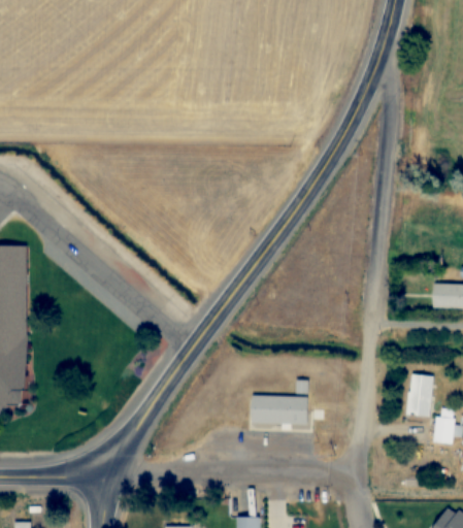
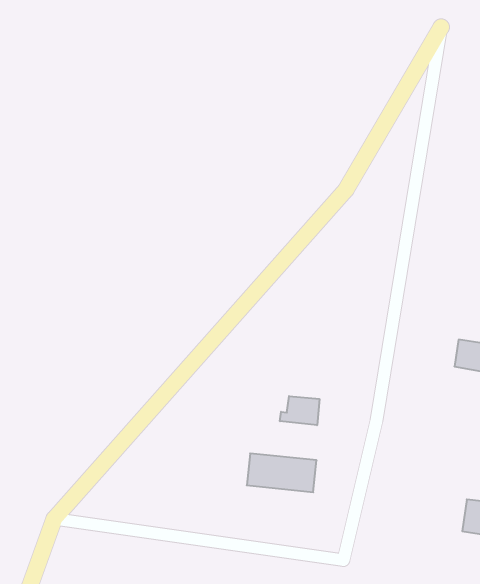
building: none -> [280,396,319,425]
building: [407,373,435,417] -> none

